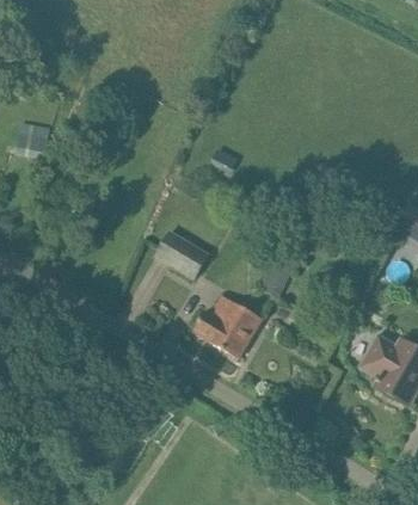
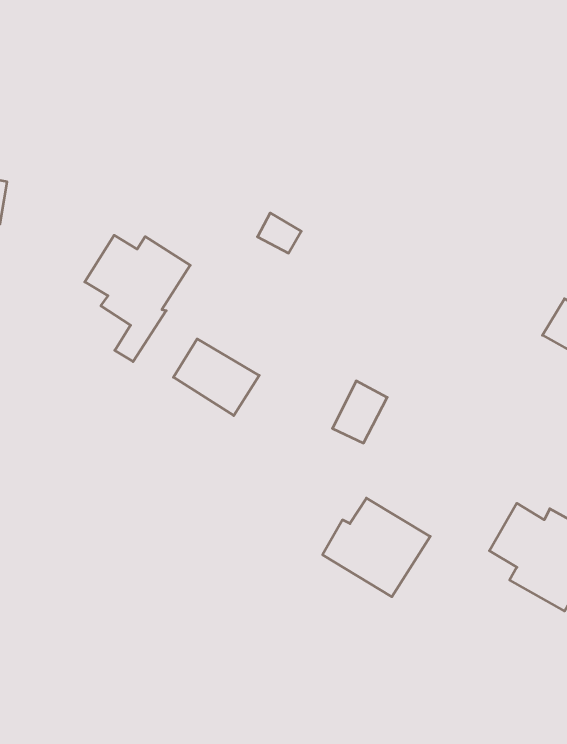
building: none -> [85,235,190,362]
building: [192,295,263,359] -> [323,498,430,597]

